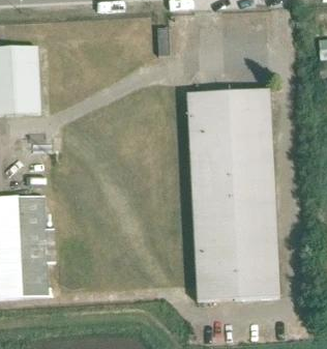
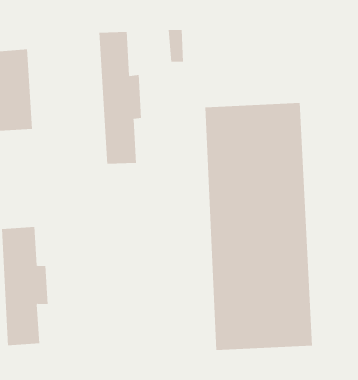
building: none -> [99,31,141,165]

